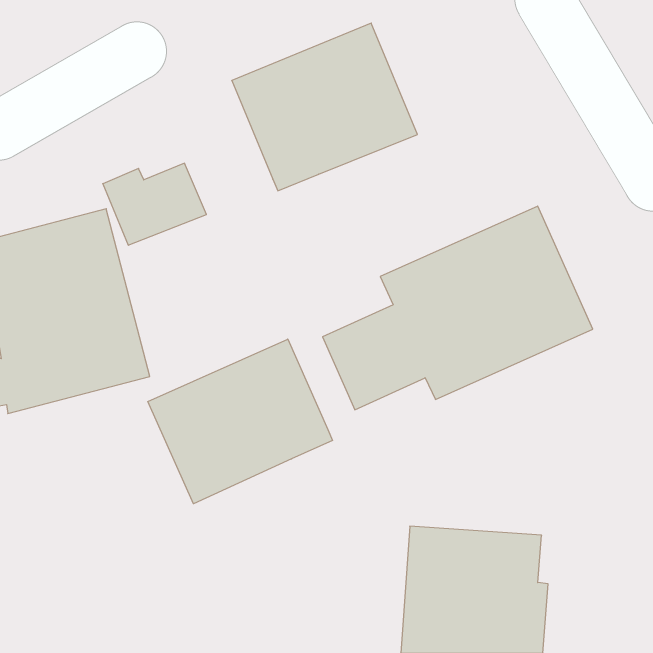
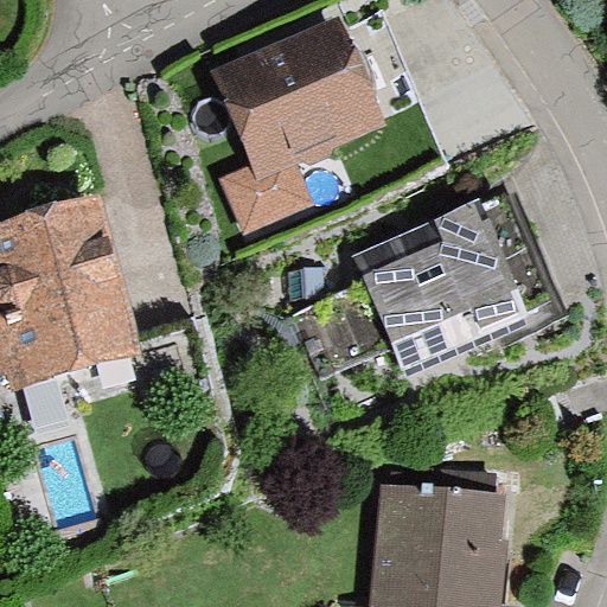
building: [103,163,206,245] -> [219,161,315,237]
building: [148,339,332,504] -> none

